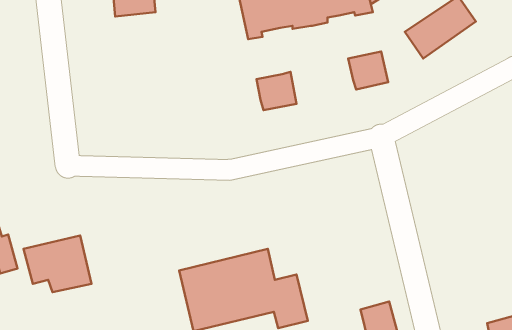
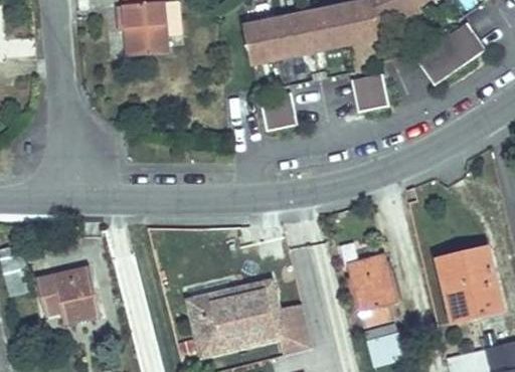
building: none -> [440,251,506,326]
building: none -> [345,252,396,325]

